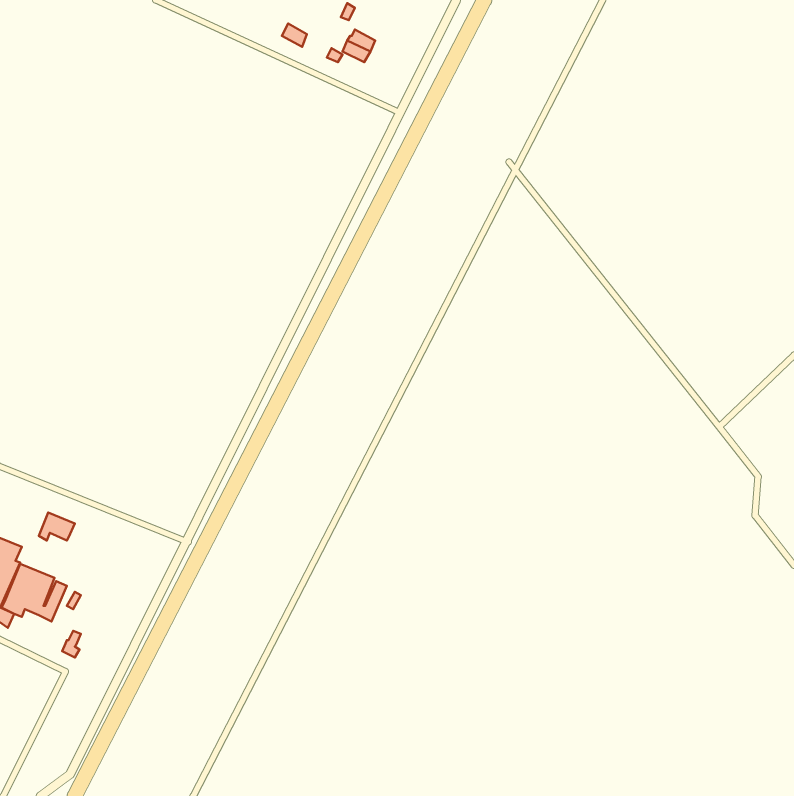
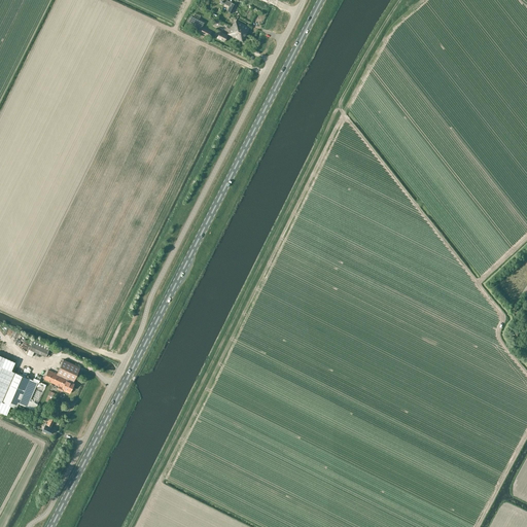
building: none -> [43,359,79,393]

